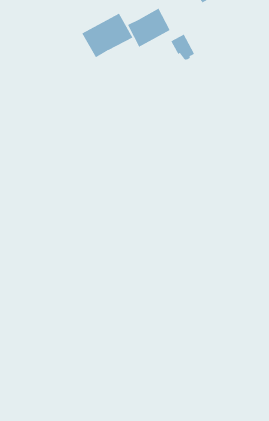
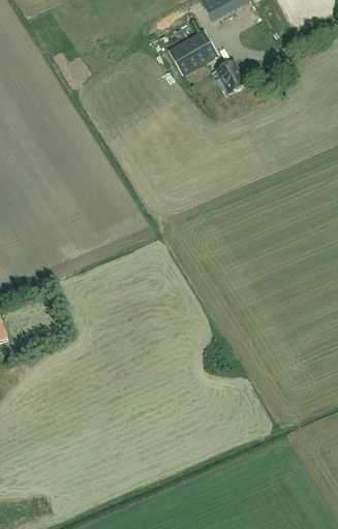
building: [82,13,133,58] -> none

